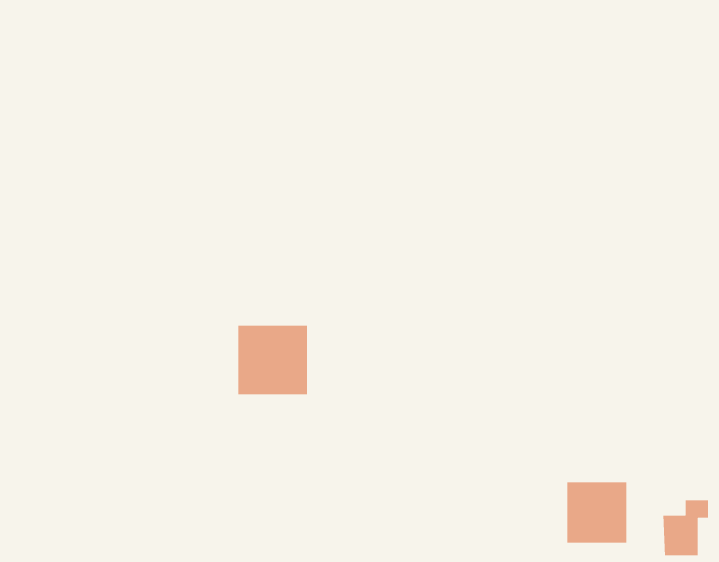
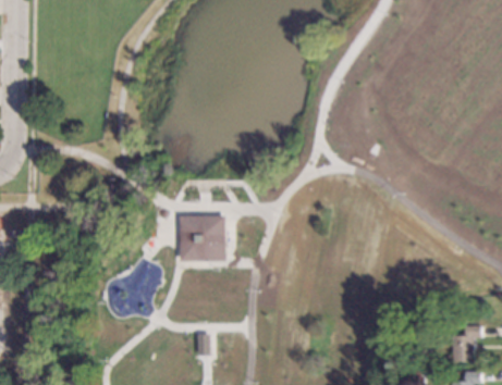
building: [567,482,627,544] -> none

